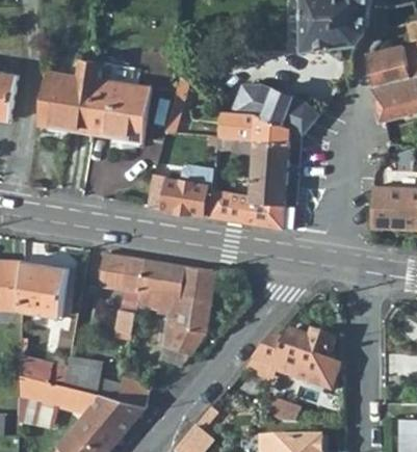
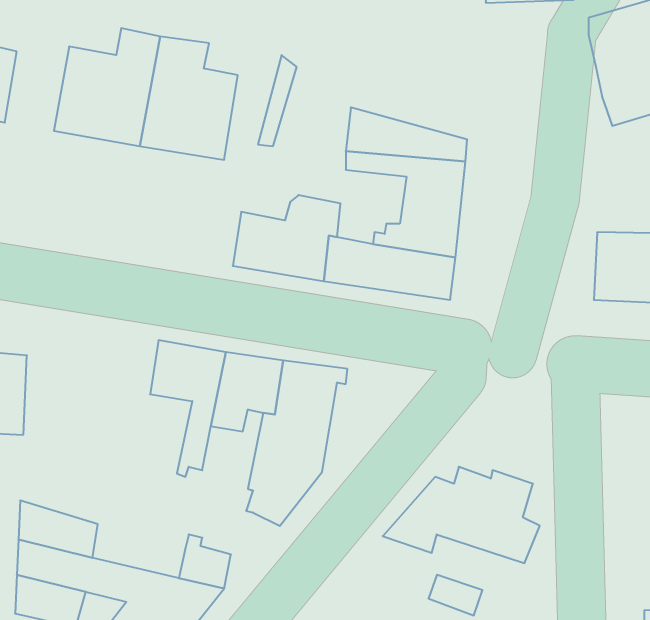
building: [232,86,320,132] -> none
building: [19,262,67,317] -> none
building: [61,351,119,399] -> none

